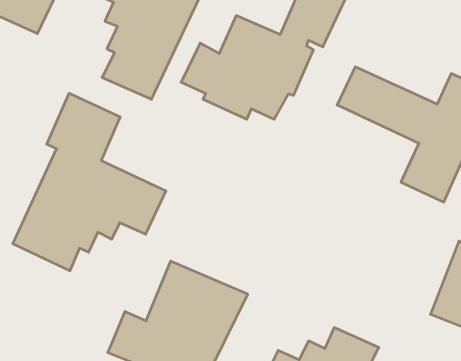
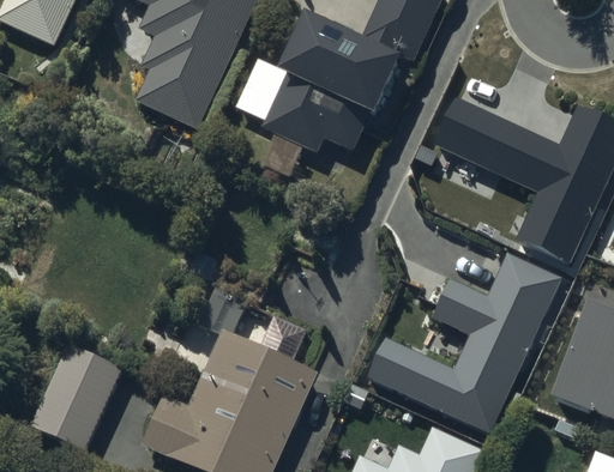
building: [13,93,166,271] -> none
building: none -> [366,242,560,425]
building: none -> [29,346,121,452]

